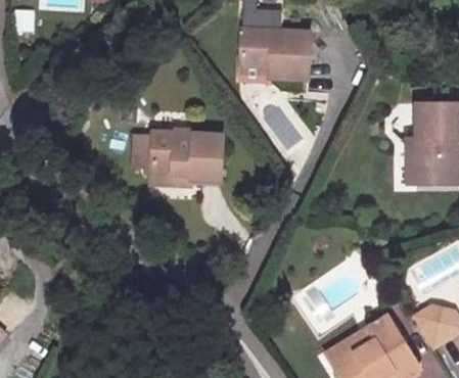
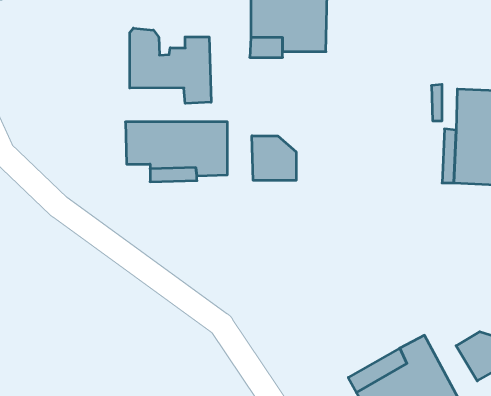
building: none -> [130,28,211,103]
building: none -> [252,136,296,180]

